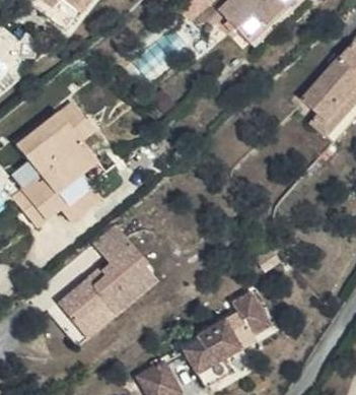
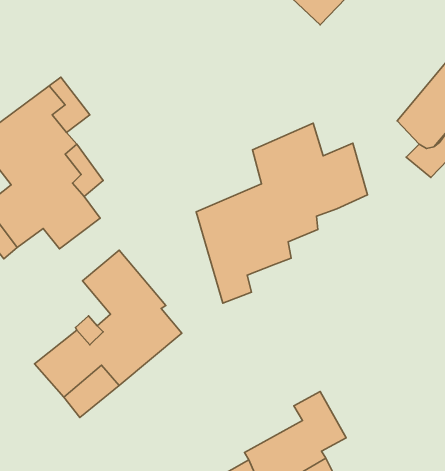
building: none -> [196,123,368,303]

